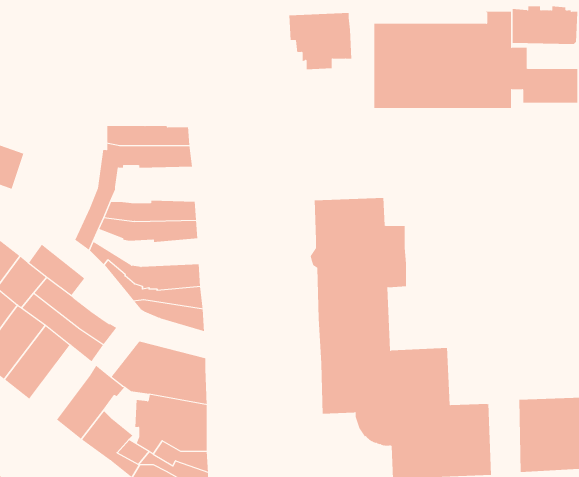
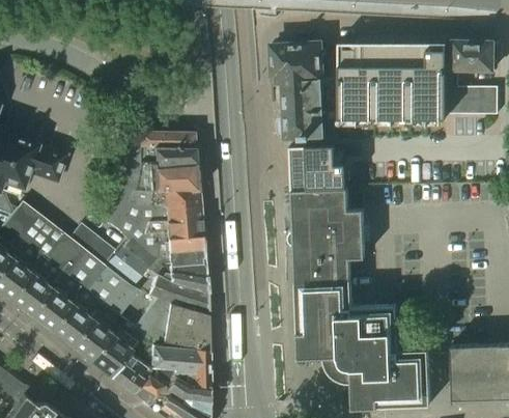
building: none -> [277,81,330,139]
building: none -> [289,145,346,191]
building: none -> [133,164,199,193]
building: none -> [119,214,202,243]
building: none -> [105,242,147,287]
building: none -> [146,276,207,314]
building: none -> [69,304,121,362]

